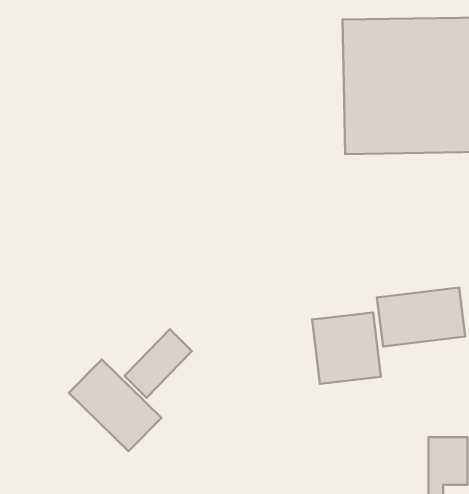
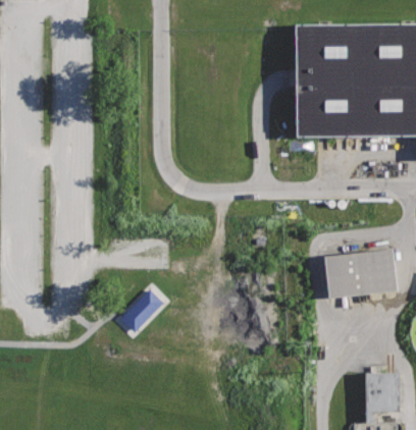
building: [312,313,381,384] -> none
building: [69,359,162,451] -> none

